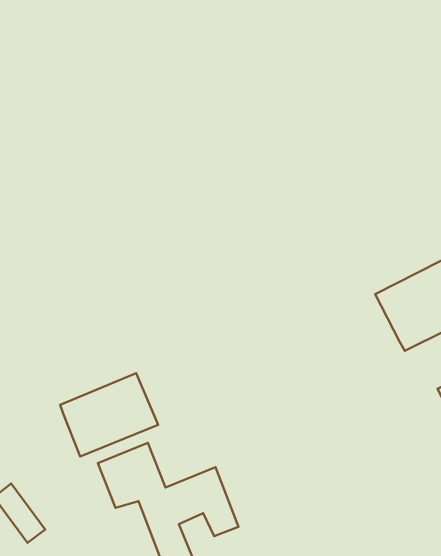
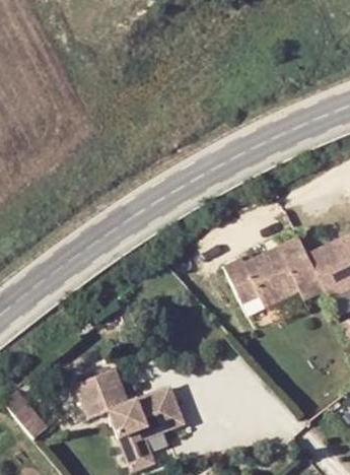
building: none -> [212,235,313,307]
building: [60,373,158,456] -> none

